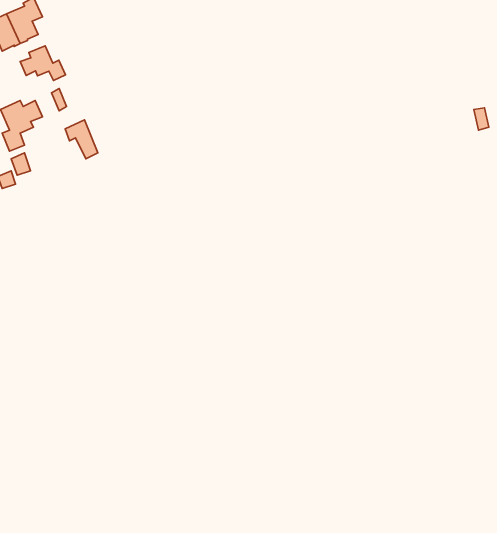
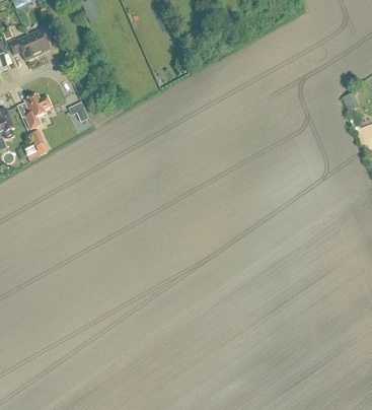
building: [20,46,66,81] -> none

